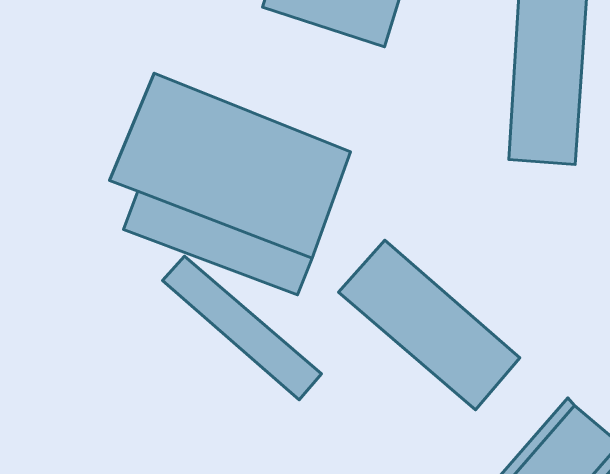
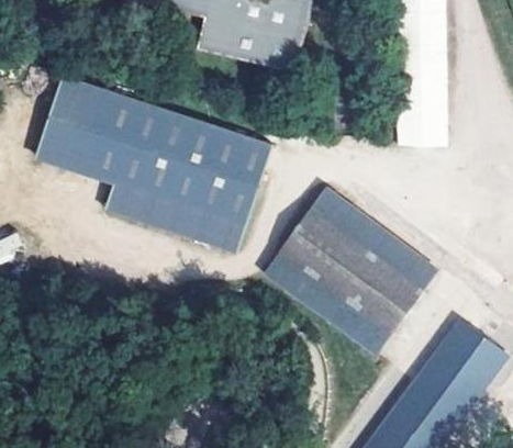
building: none -> [45,82,125,181]
building: none -> [309,190,433,292]
building: [162,256,321,400] -> [261,253,387,355]

